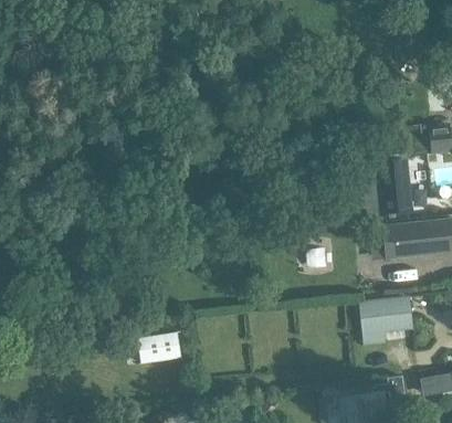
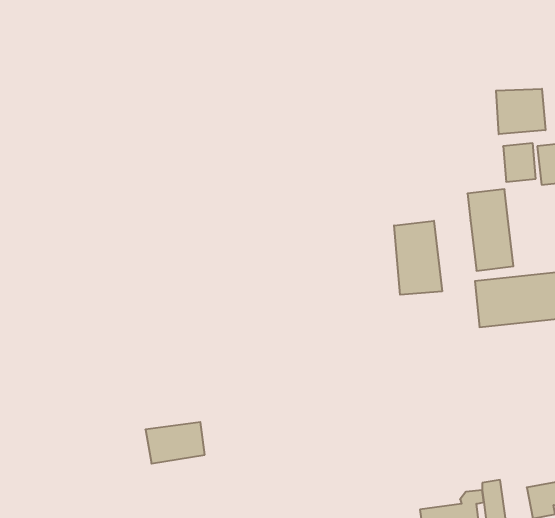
building: none -> [496,89,545,134]
building: none -> [394,221,442,295]
building: [359,295,414,334] -> none

